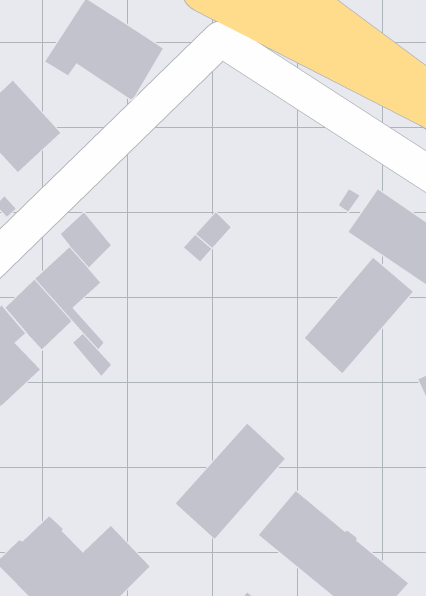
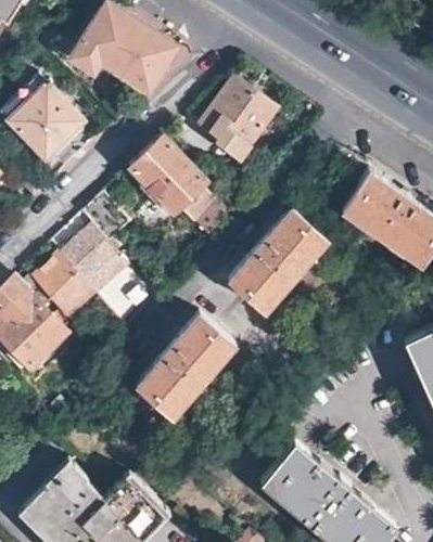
building: none -> [198,78,276,158]
building: none -> [130,138,206,215]
building: [304,257,414,374] -> [229,210,328,315]
building: [175,423,286,540] -> [136,315,235,421]

